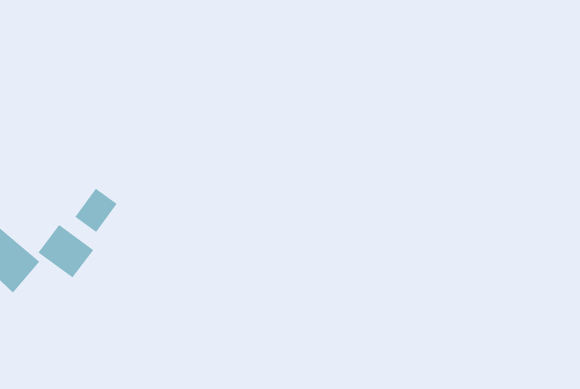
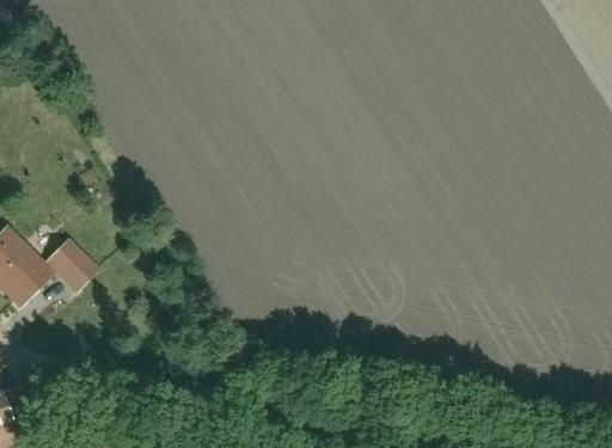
building: [74,188,118,233] -> none

